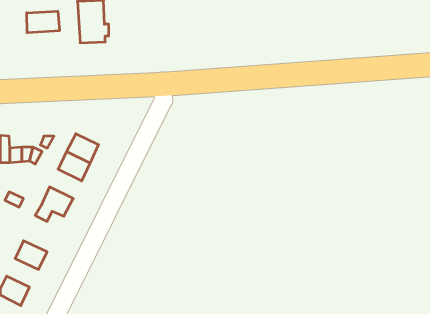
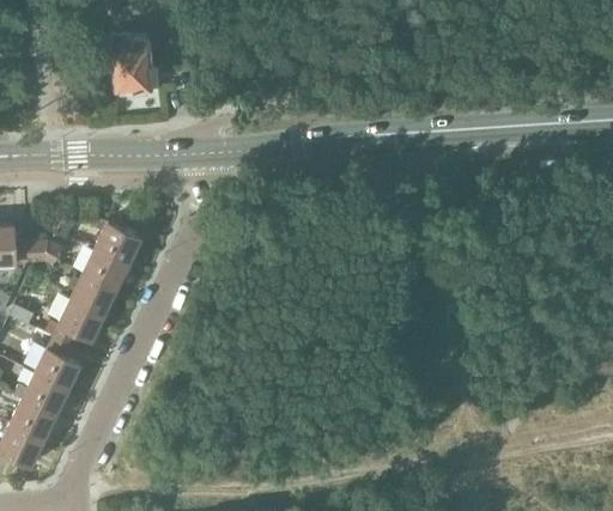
building: [27,11,59,33] -> none
building: none -> [71,274,116,316]
building: none -> [34,340,79,391]
building: none -> [10,401,55,442]

